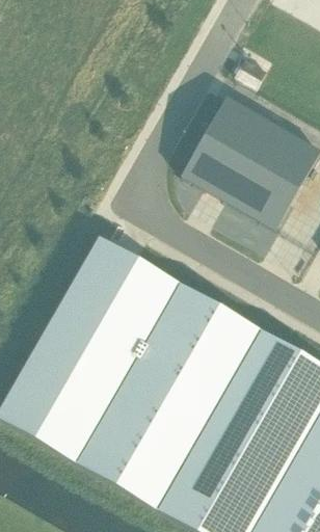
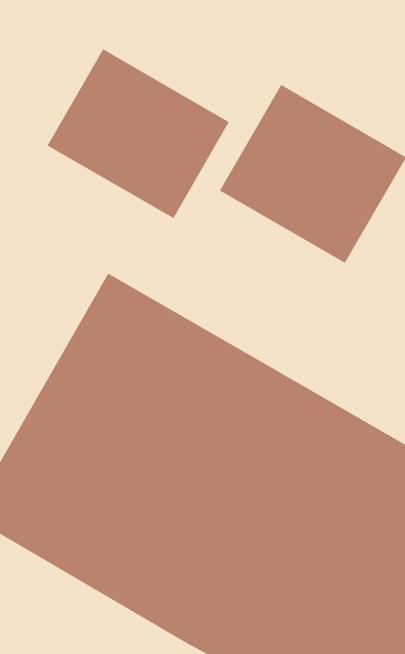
building: none -> [47,48,230,219]

